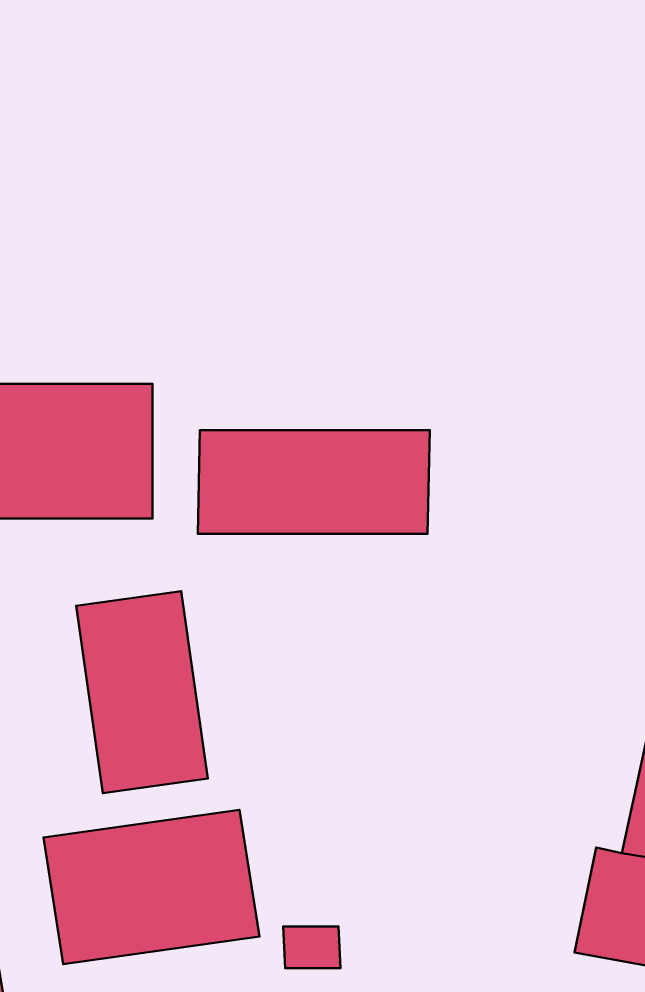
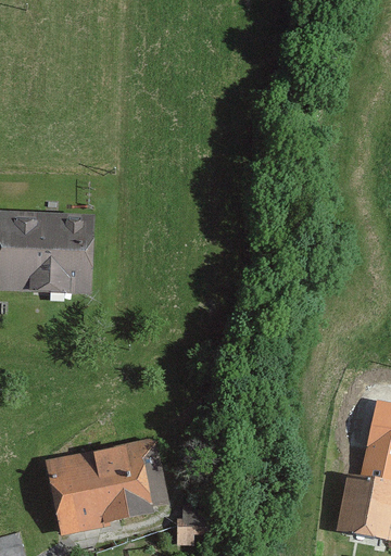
building: [198,430,430,534] -> none
building: [76,591,208,793] -> none

